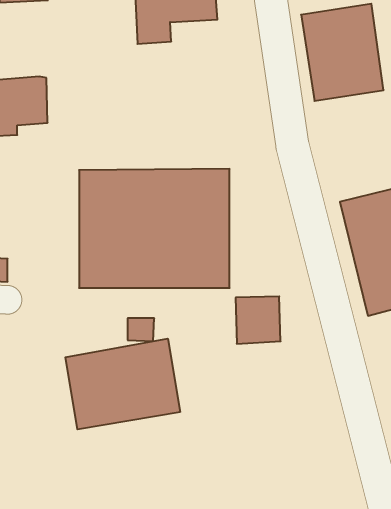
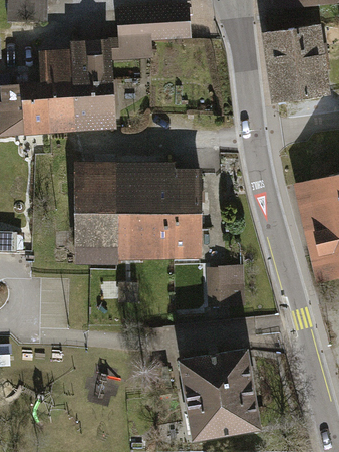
building: none -> [43,46,114,123]
building: [65,339,180,429] -> none
building: none -> [182,350,259,437]

